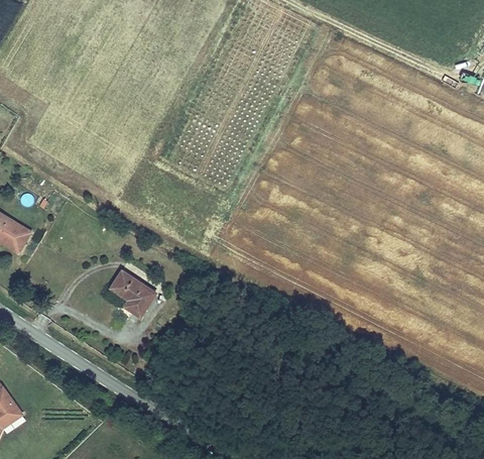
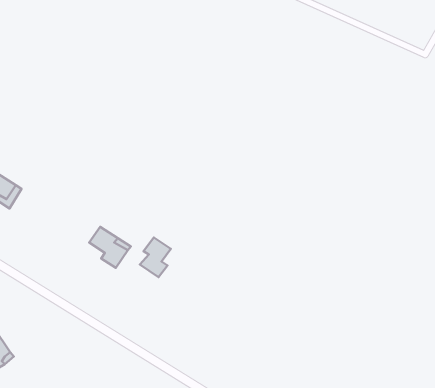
building: none -> [140,237,171,277]

